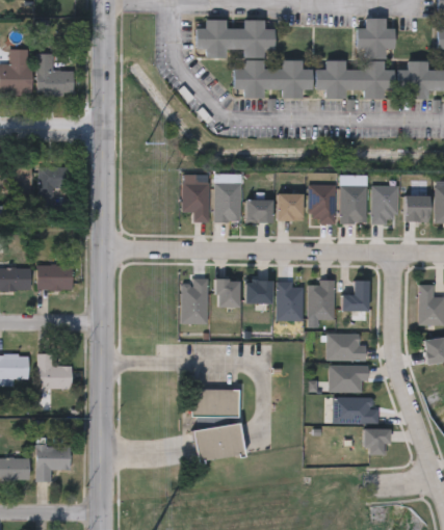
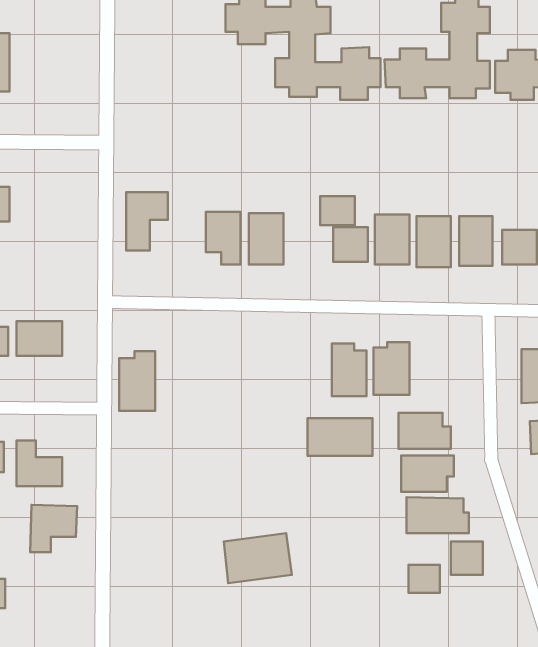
building: [38,53,75,94] -> none
building: [40,166,71,210] -> [126,192,168,250]
building: [245,200,271,221] -> [320,196,355,225]
building: [180,279,207,323] -> [119,351,155,411]
building: [215,279,238,307] -> none
building: [244,281,271,302] -> none
building: [341,281,368,310] -> none
building: [191,388,240,416] -> [307,418,372,456]
building: [36,445,72,480] -> [30,505,77,552]
building: none -> [408,565,440,593]

